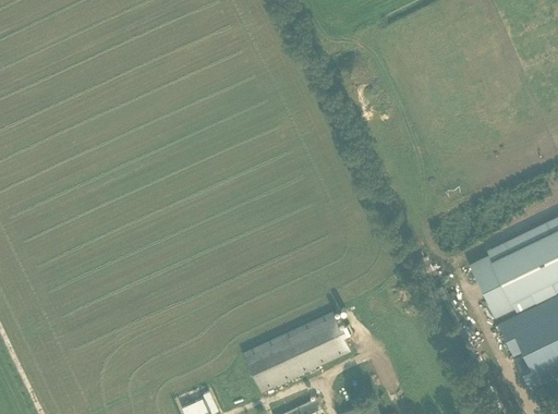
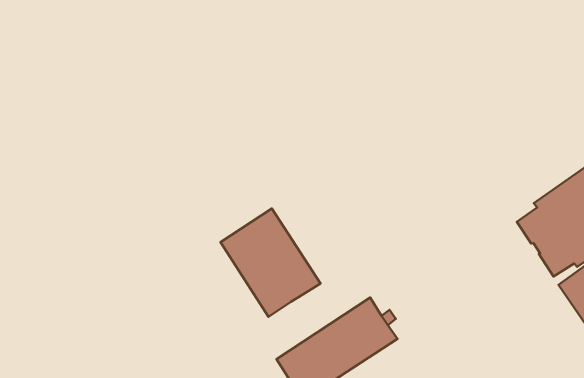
building: none -> [221,208,320,317]

